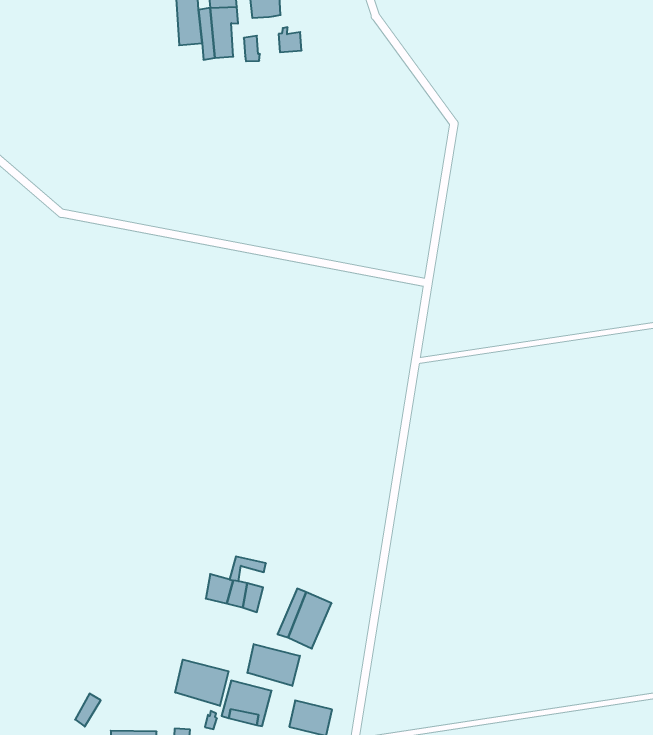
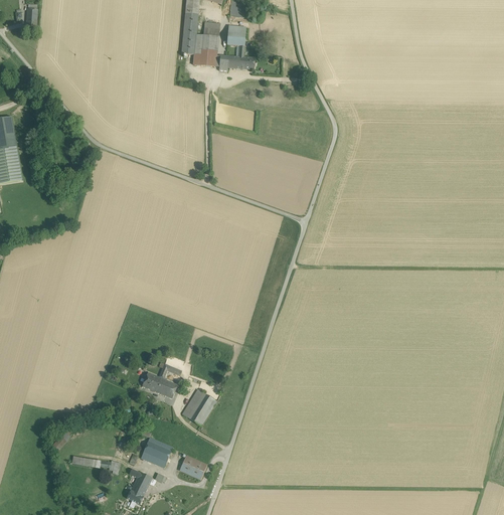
building: [247,644,300,686] -> none
building: [175,660,229,706] -> none

